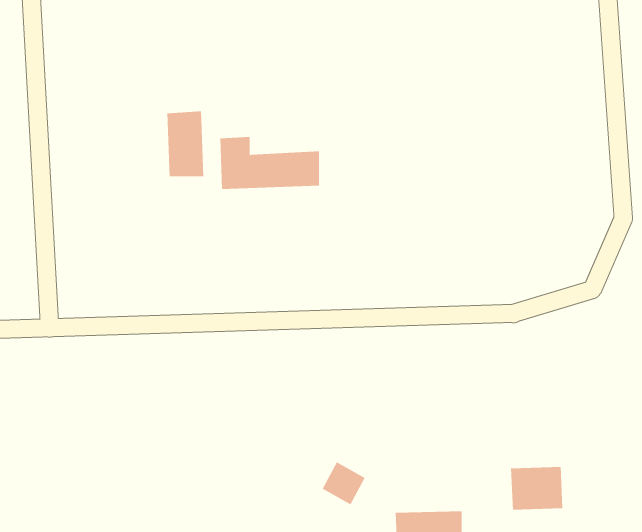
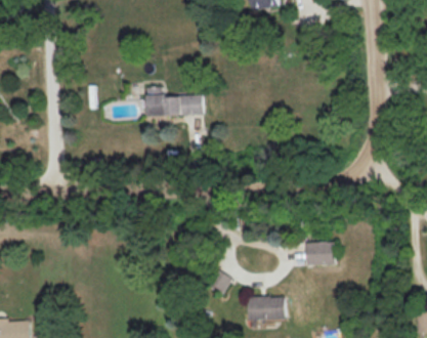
building: [167,111,204,177] -> none
building: [510,466,563,510] -> [305,241,335,265]

